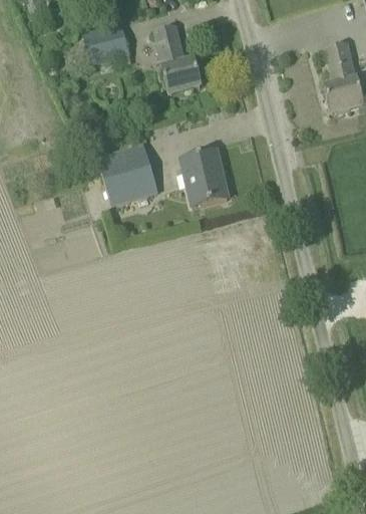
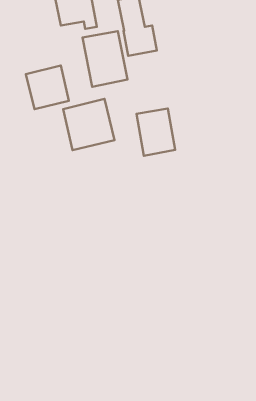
building: none -> [82,31,127,87]
building: none -> [26,66,69,109]

